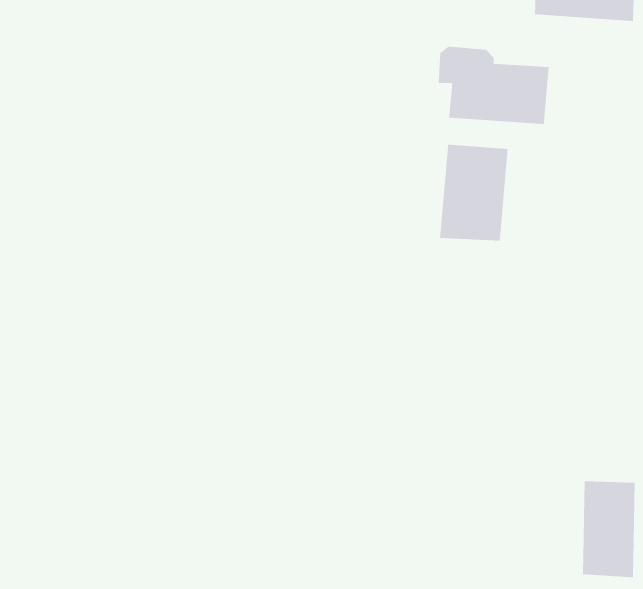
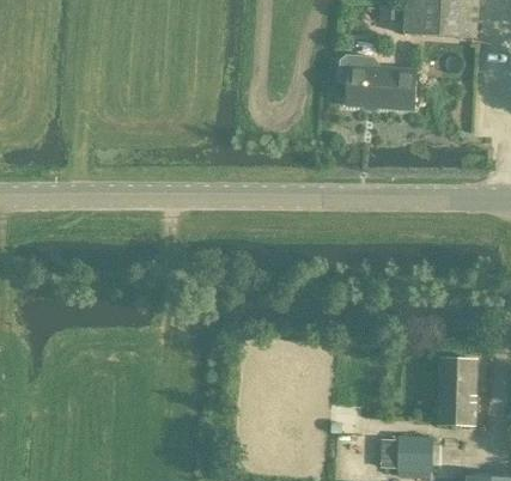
building: [439,144,509,241] -> none

